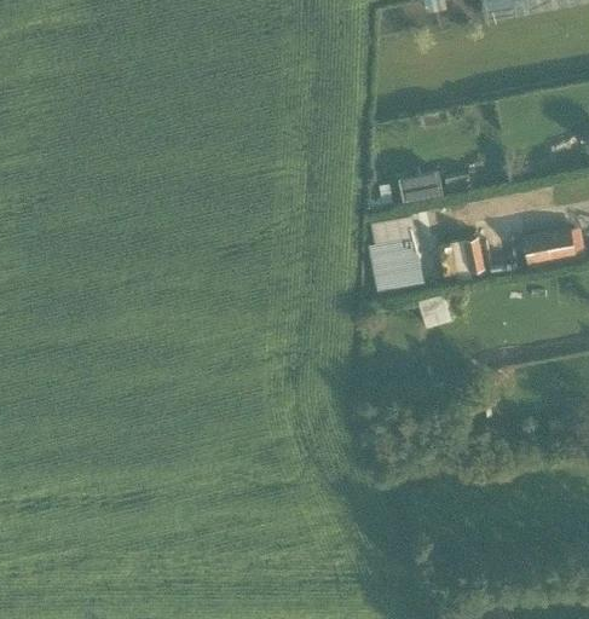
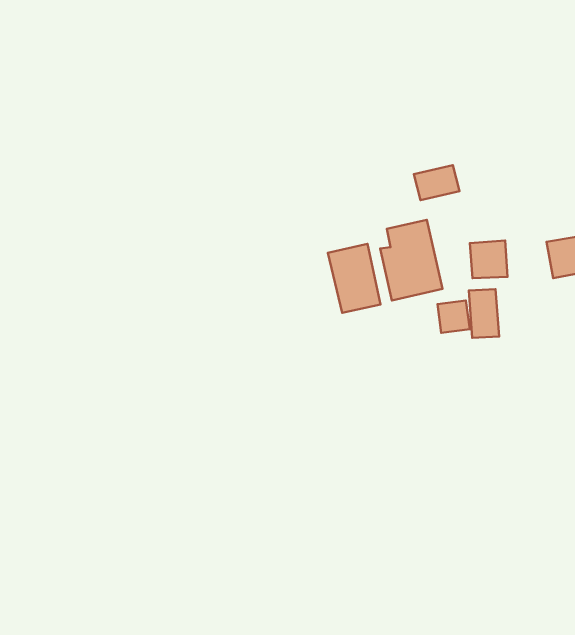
building: none -> [328,244,380,313]
building: none -> [469,289,499,338]

